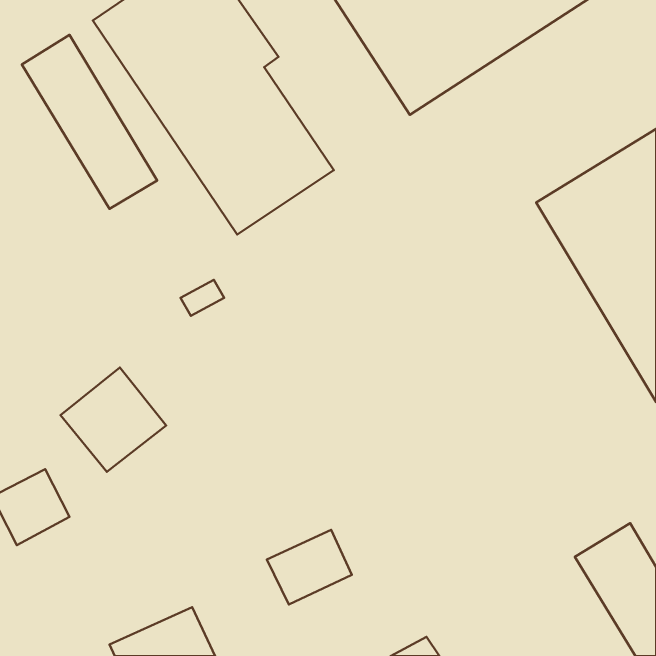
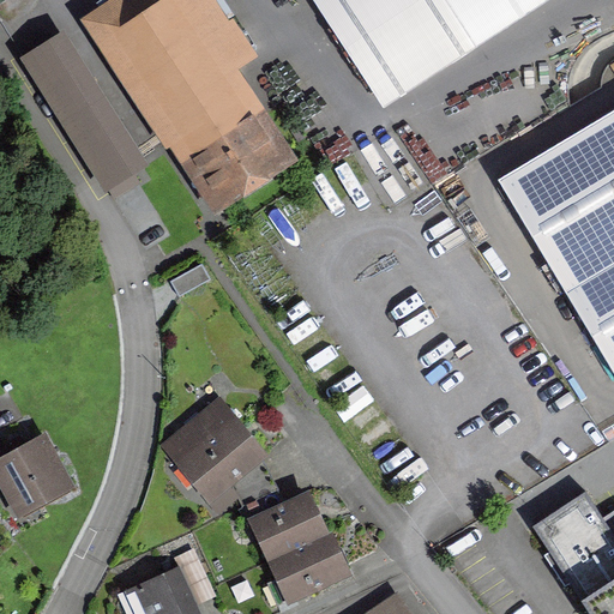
building: [61,367,166,472] -> [164,398,263,495]
building: none -> [269,535,348,606]

